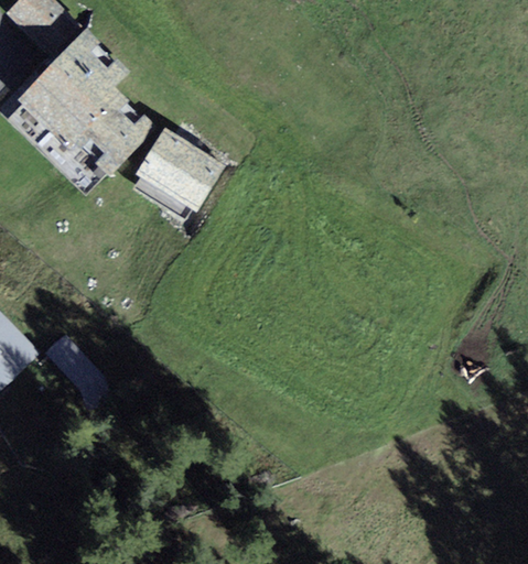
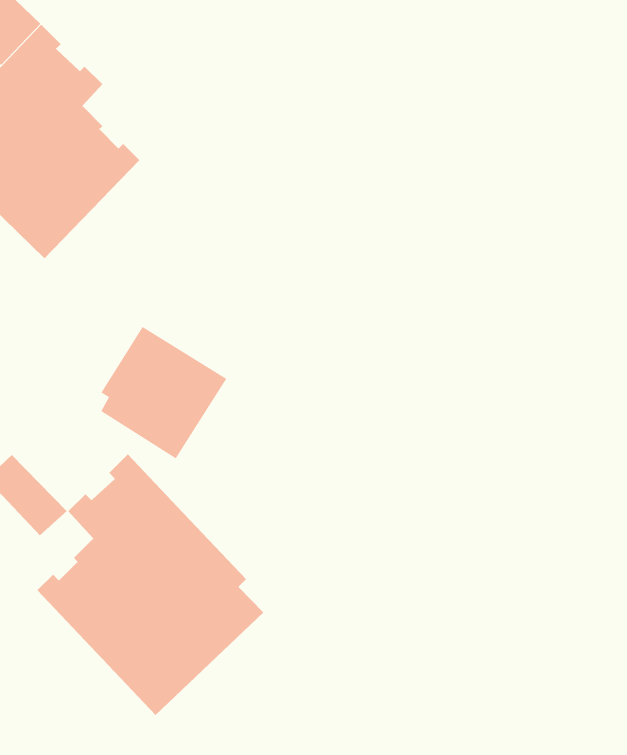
building: [133,126,224,220] -> [100,326,227,459]
building: none -> [37,454,264,716]

